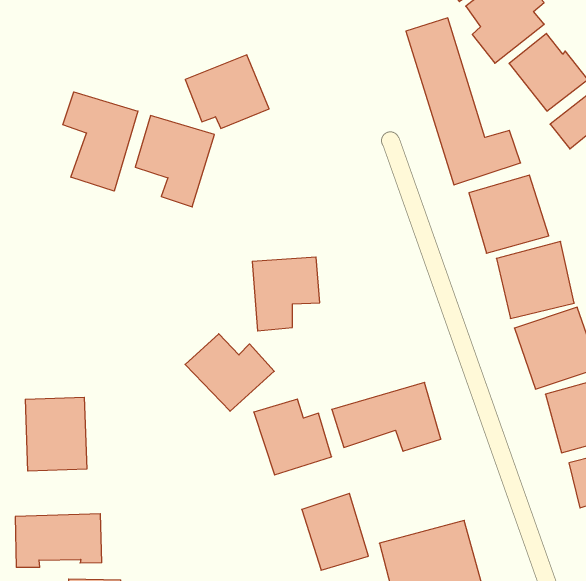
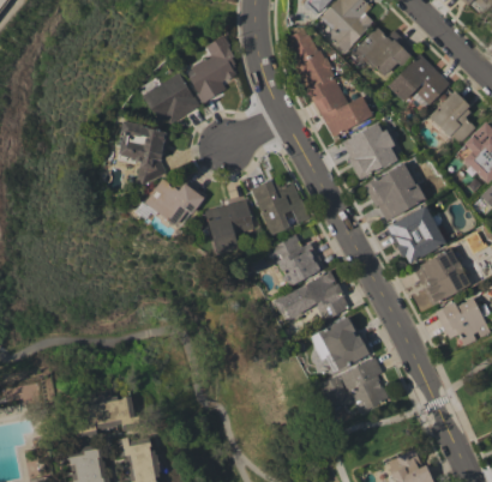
building: none -> [186,36,241,102]
building: [63,92,138,191] -> none
building: none -> [251,177,310,235]
building: [185,334,274,411] -> [144,177,204,228]
building: [25,397,87,471] -> none
building: [254,399,332,475] -> [269,234,325,287]
building: [302,493,368,570] -> [319,315,368,369]

